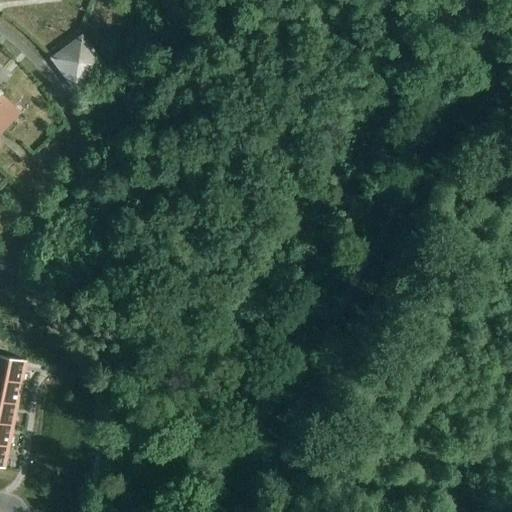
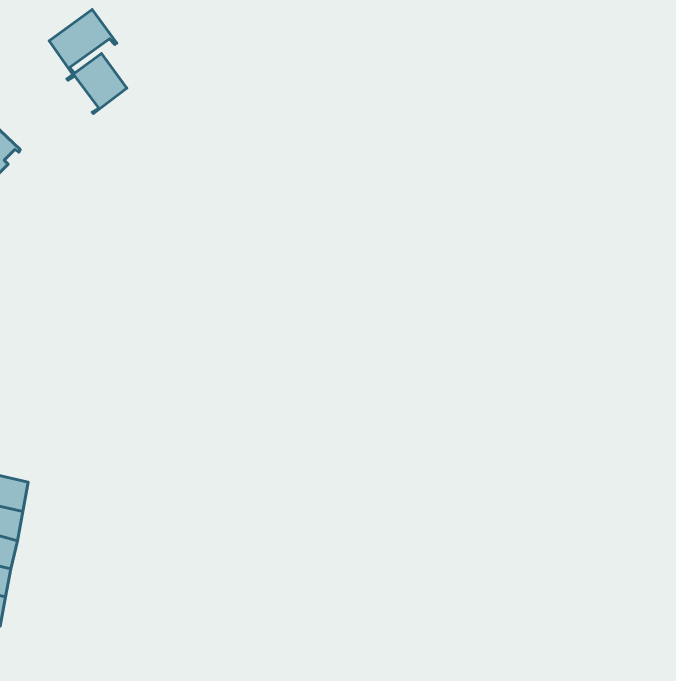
building: none -> [49,10,117,74]

